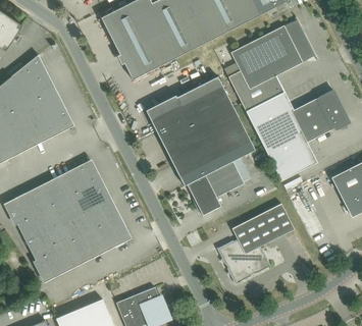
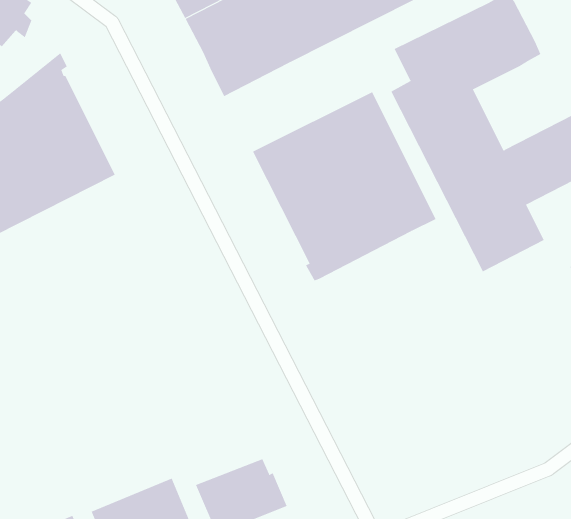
building: [188,157,251,215] -> none
building: [8,163,127,278] -> none
building: [217,203,295,281] -> none

